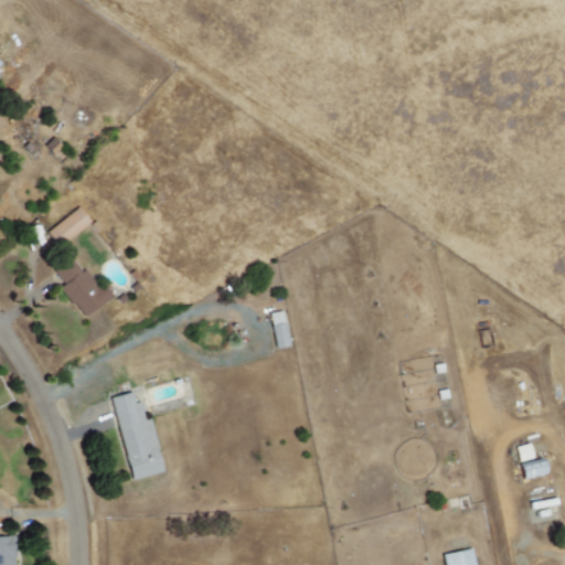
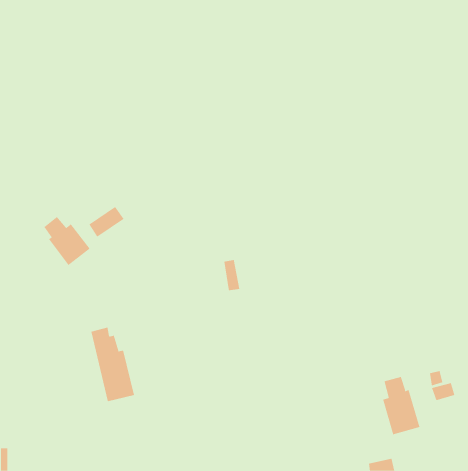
building: [50,207,93,245] -> [89,206,125,237]
building: none -> [382,376,420,435]

